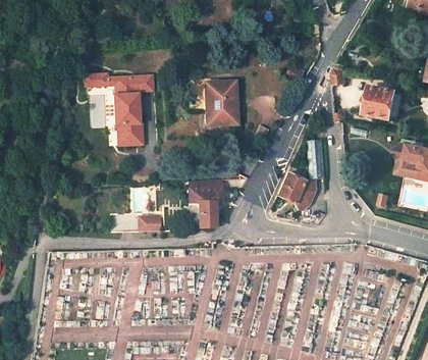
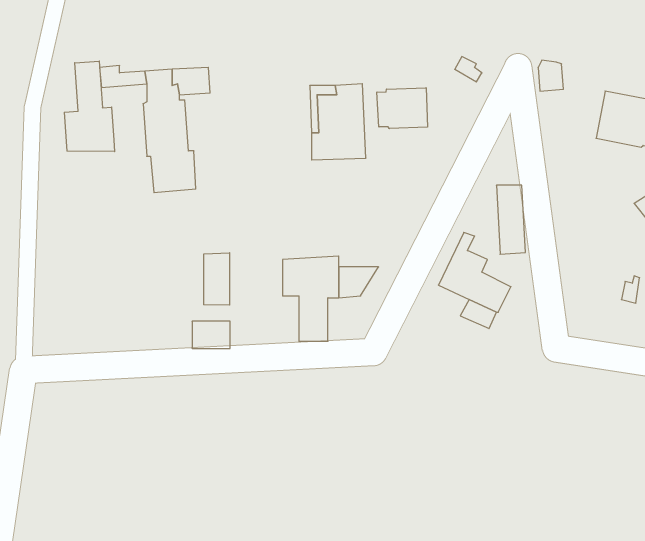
building: none -> [64,61,115,152]
building: none -> [377,88,427,129]
building: none -> [204,253,230,305]

